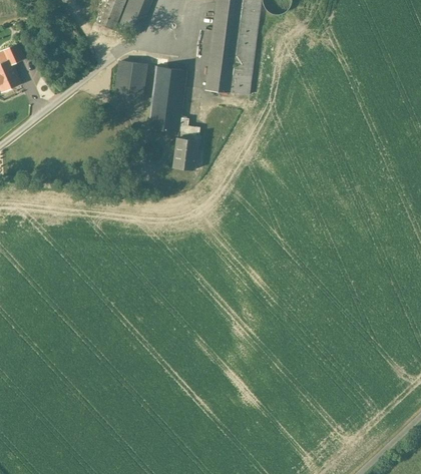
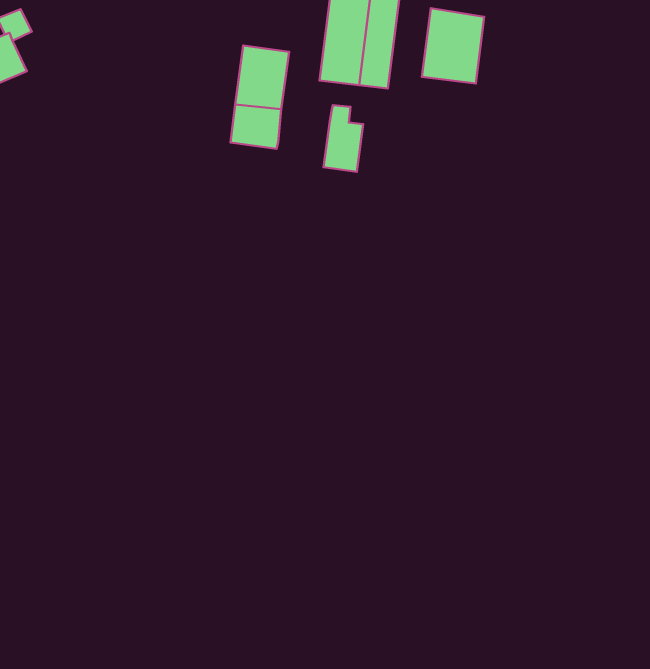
building: none -> [422,8,484,84]
building: [115,61,145,99] -> none
building: [172,127,197,169] -> [323,105,363,172]

